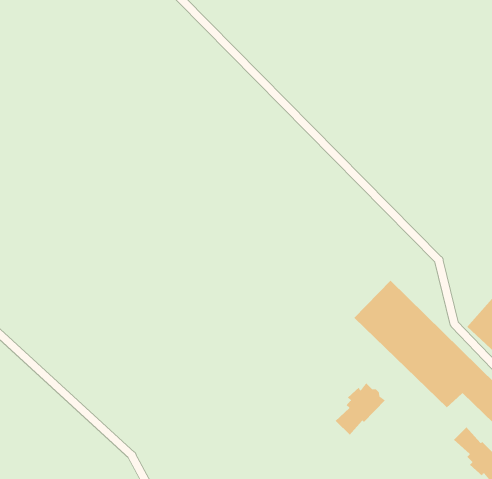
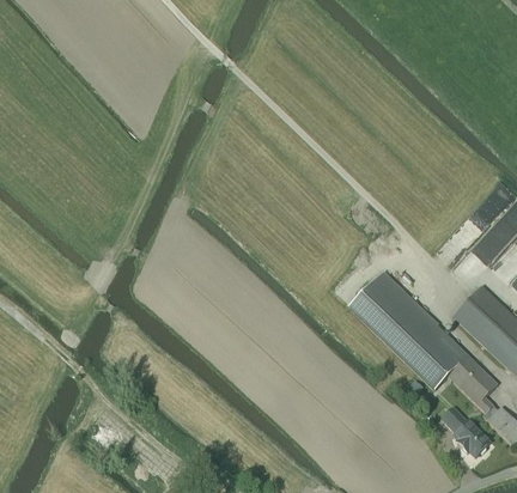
building: [335,382,386,436] -> none

